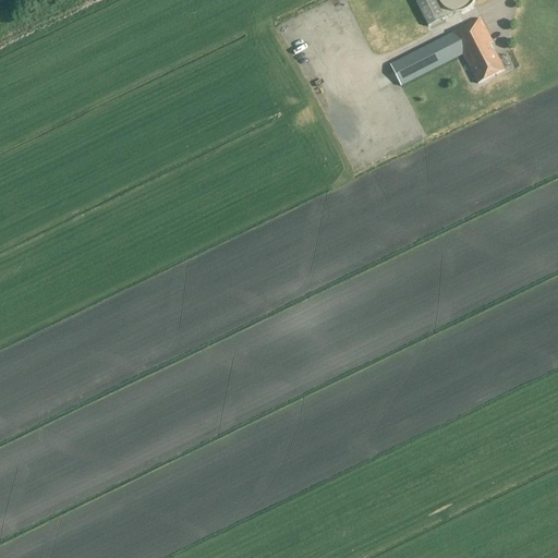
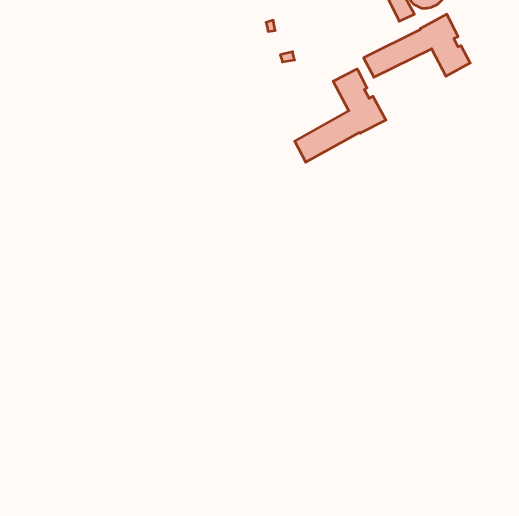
building: none -> [295,69,386,162]

